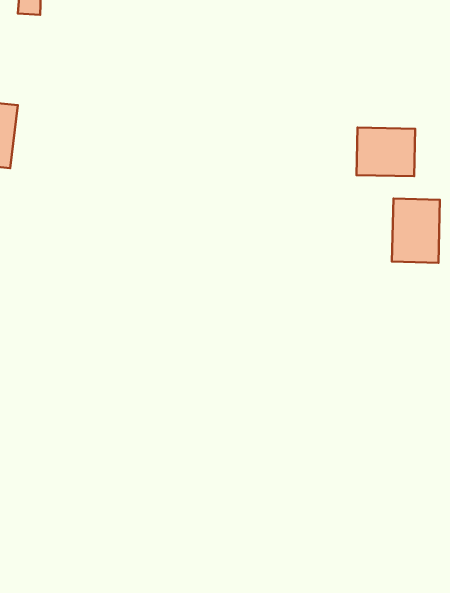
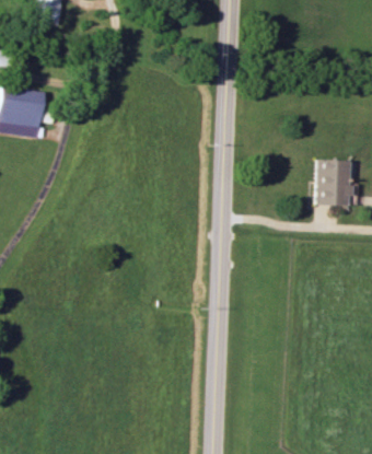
building: [356,128,415,176] -> none

